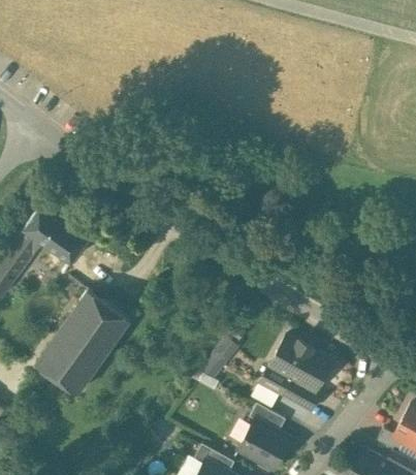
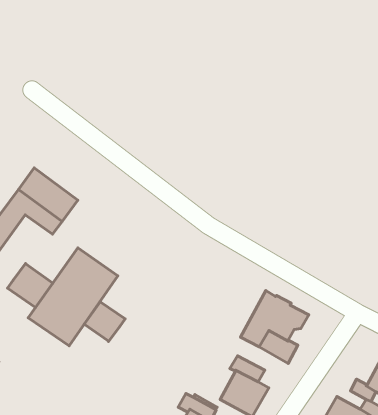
building: none -> [8,264,53,307]
building: [194,334,239,382] -> none
building: none -> [84,302,125,342]

